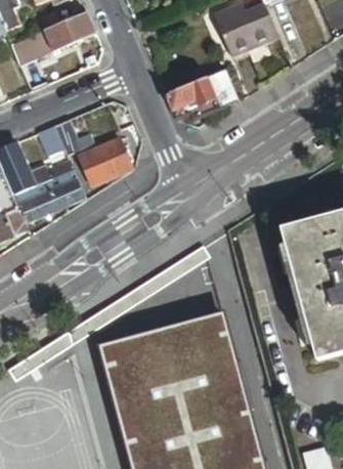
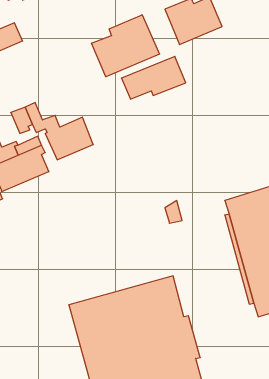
building: [42,11,94,51] -> none
building: none -> [92,15,159,77]

